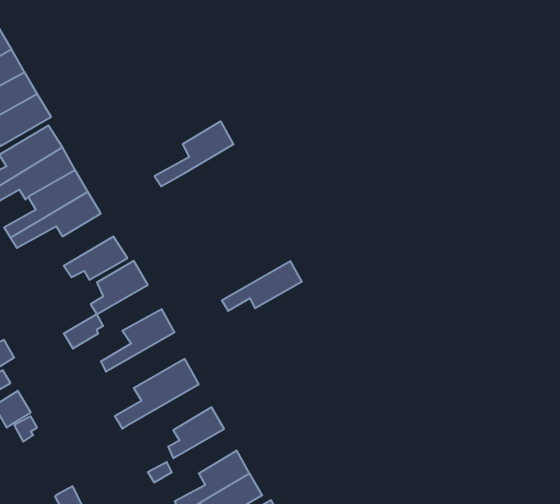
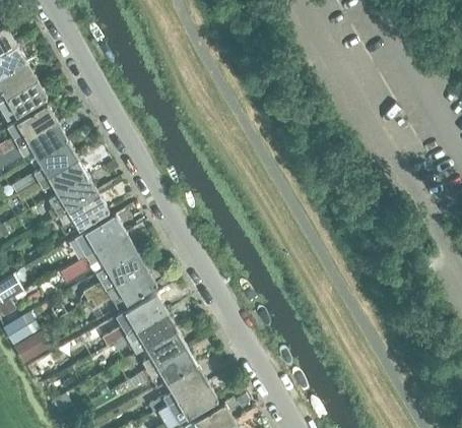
building: [155,121,234,186] -> [36,176,98,228]
building: [222,261,302,311] -> [92,270,156,310]
building: none -> [85,233,137,269]
building: none -> [112,312,177,353]
building: none -> [146,348,197,388]

